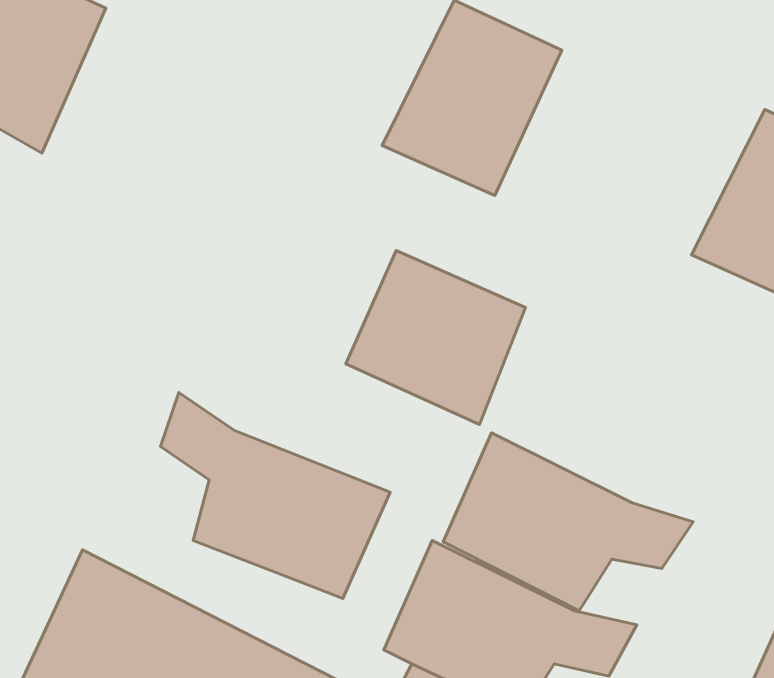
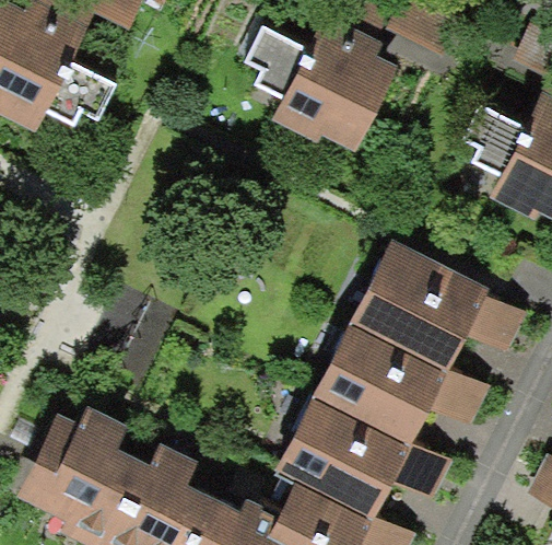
building: [346,250,526,424] -> none
building: none -> [355,243,530,368]
building: [160,392,390,599] -> none

